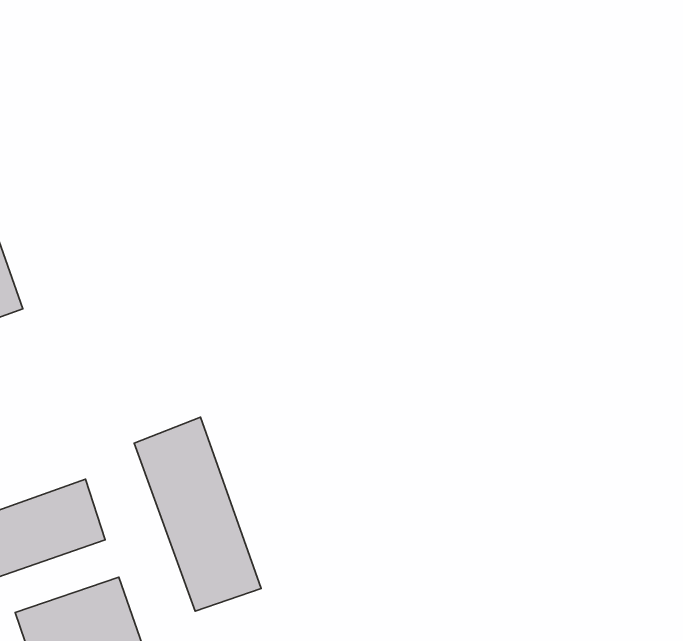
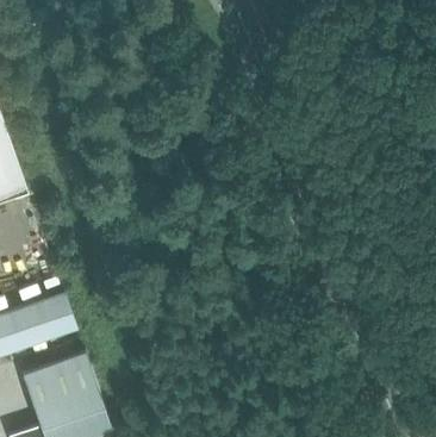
building: [134,417,261,611] -> none

